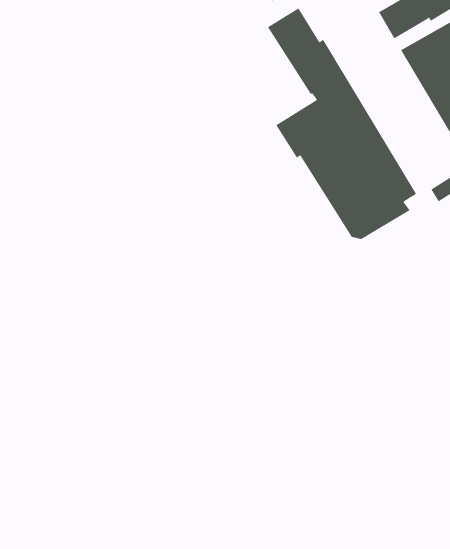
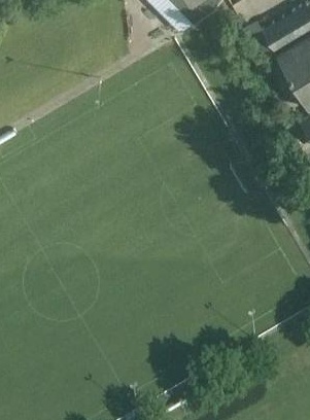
building: [267,7,417,240] -> none

